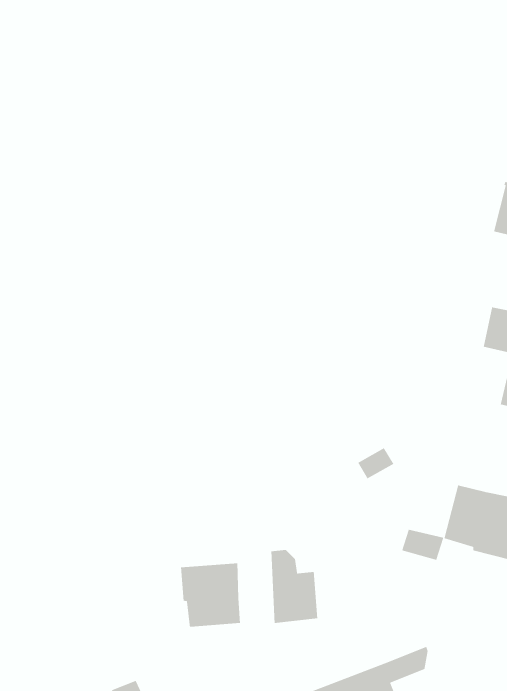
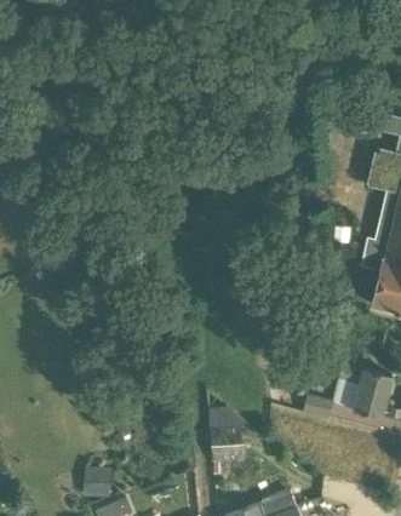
building: [180,563,241,628] -> none
building: none -> [84,468,111,499]

